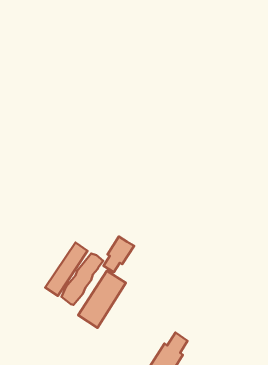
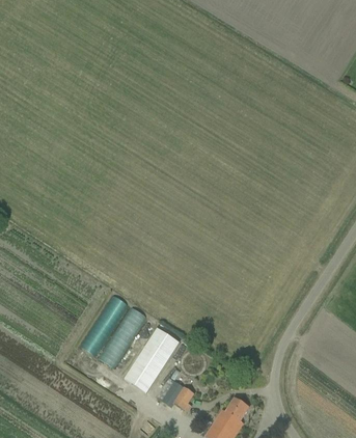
building: [103,236,134,272] -> none
building: none -> [156,376,193,411]

